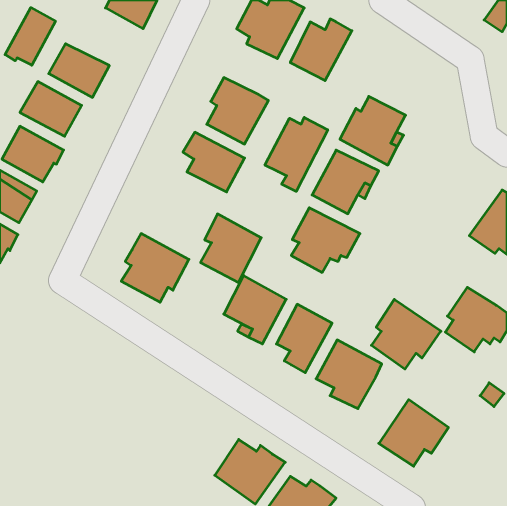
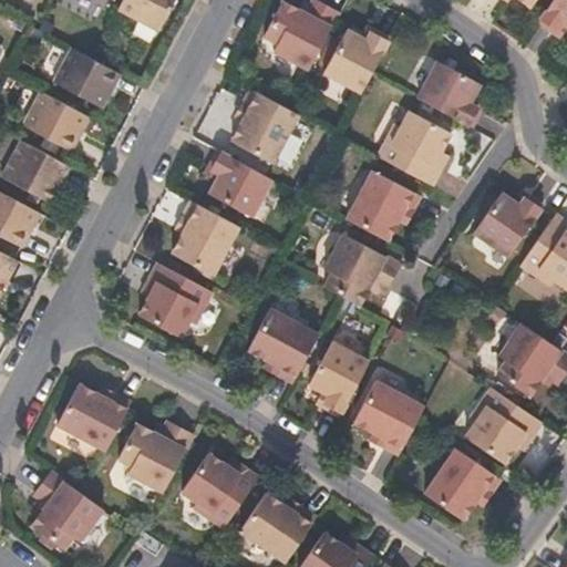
building: [5,8,55,65] -> none
building: none -> [417,59,486,127]
building: [265,117,328,191] -> none
building: none -> [473,187,545,255]
building: [201,214,261,282] -> [171,199,238,276]
building: [371,299,441,369] -> [464,386,542,464]
building: none -> [56,384,132,453]
building: none -> [117,422,194,494]
building: none -> [182,452,260,528]
building: none -> [30,473,104,551]

